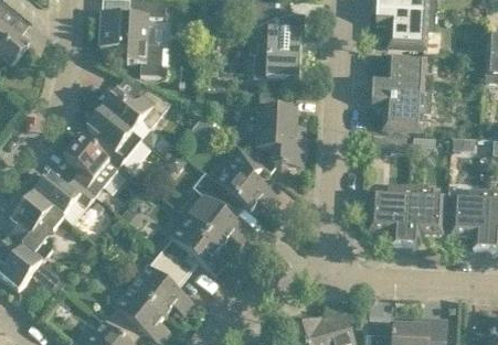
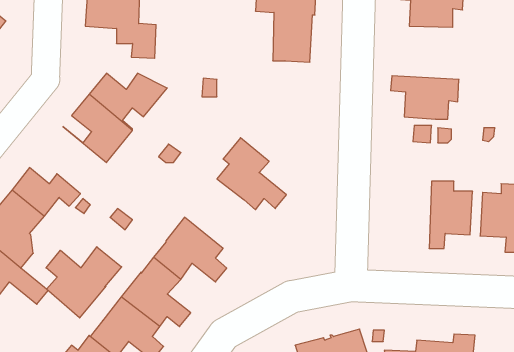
building: [371,55,432,95] -> none
building: [256,93,303,168] -> none
building: [63,137,117,196] -> none
building: [187,173,248,245] -> none
building: [368,184,406,245] -> none
building: none -> [46,247,122,318]

